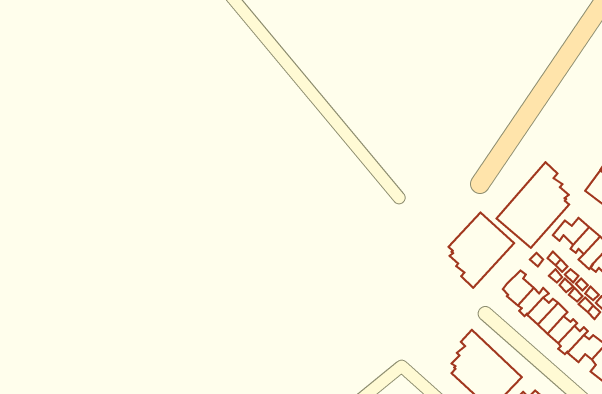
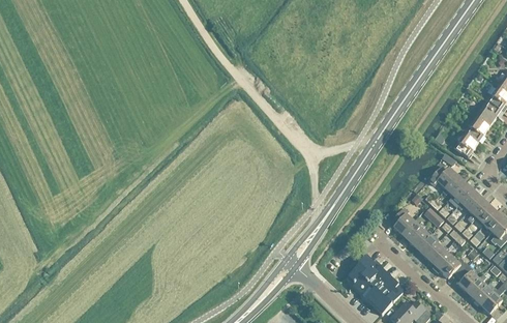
building: [496,162,569,248] -> none
building: [448,213,514,288] -> none

